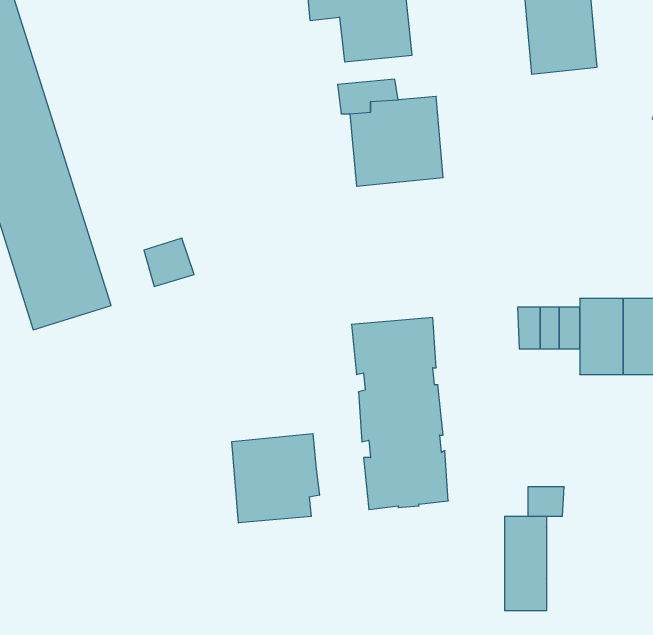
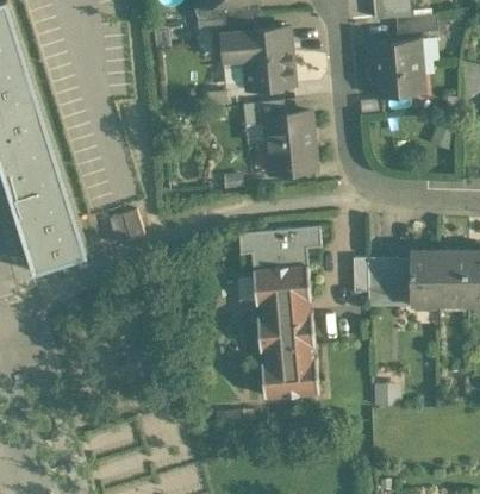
building: none -> [237,229,320,273]
building: [232,434,319,523] -> none
building: [505,516,546,611] -> none

